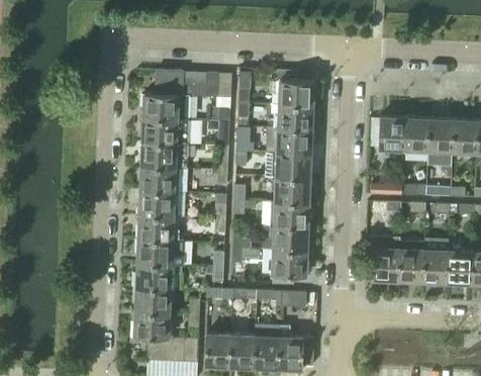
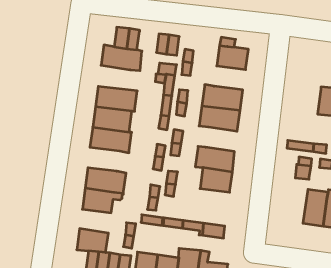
building: [182,72,206,95] -> none
building: [277,104,312,129] -> none
building: [140,116,188,143] -> none
building: [378,116,403,150] -> none
building: [274,177,309,203] -> none
building: [137,214,173,240] -> none
building: [369,236,399,280] -> none
building: [271,251,307,284] -> none
building: [134,288,170,313] -> none

